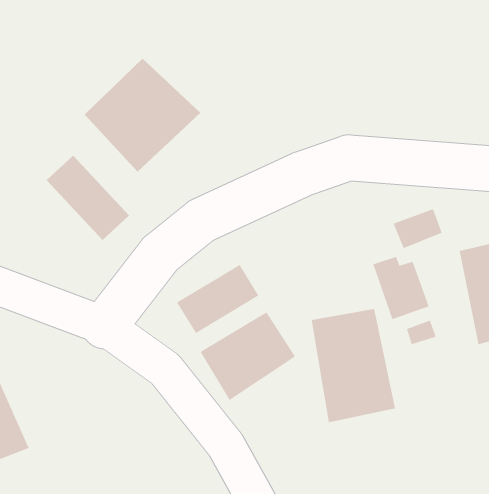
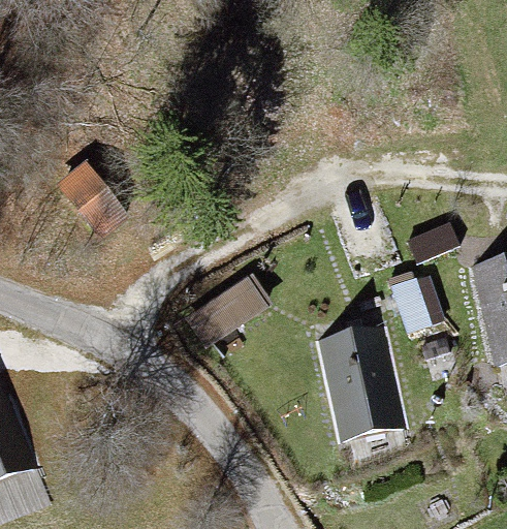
building: [84,58,201,172] -> none
building: [200,311,296,401] -> none

